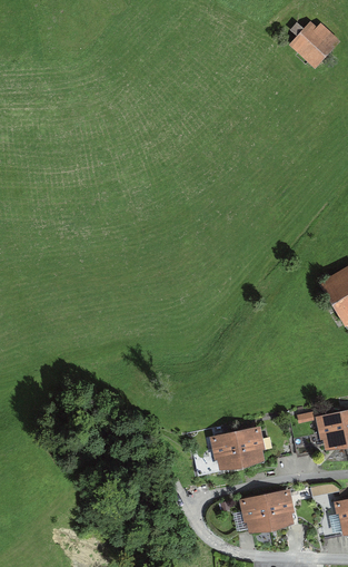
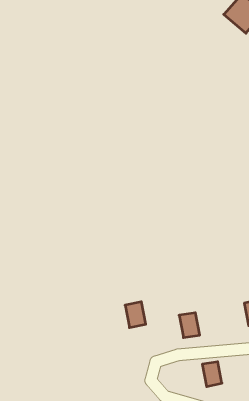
building: [212,433,239,467] -> [125,302,146,328]
building: [243,497,269,529] -> none

